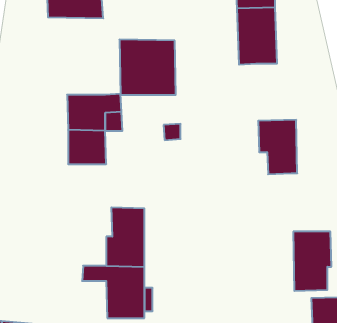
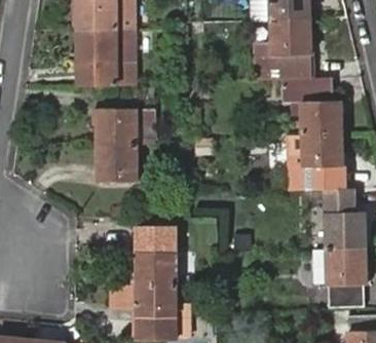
building: [119,40,176,95] -> [76,30,134,86]
building: none -> [289,77,330,136]
building: none -> [325,188,365,249]

